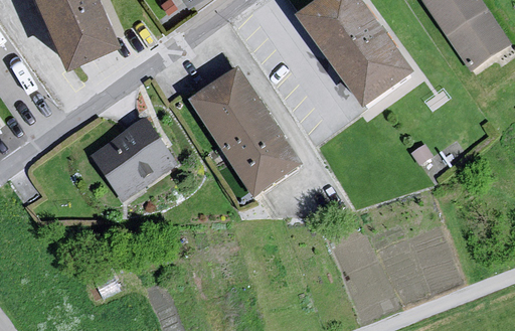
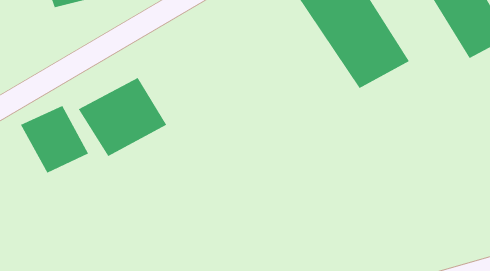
building: [187,68,302,194] -> none
building: none -> [20,105,89,174]

